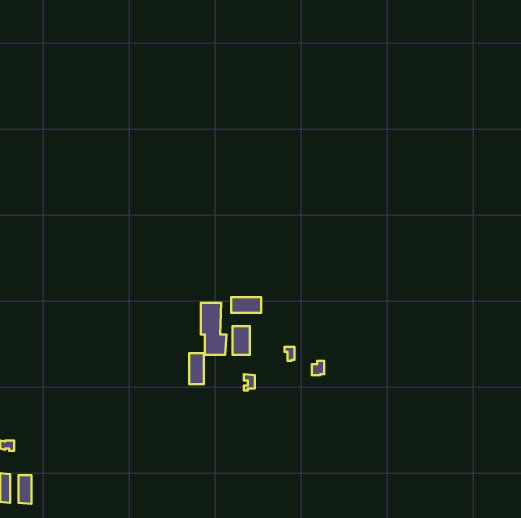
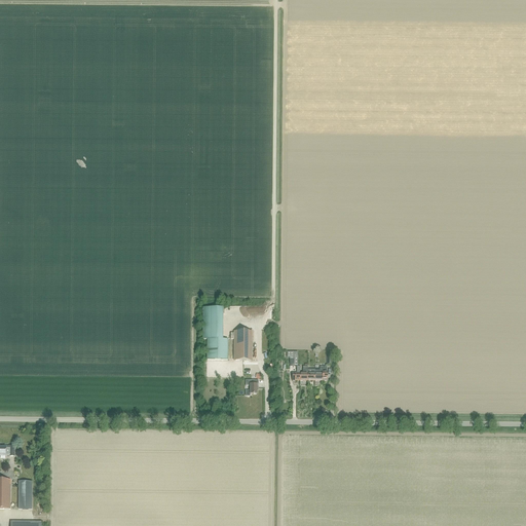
building: [231,297,261,313] -> none
building: [189,353,204,384] -> none

